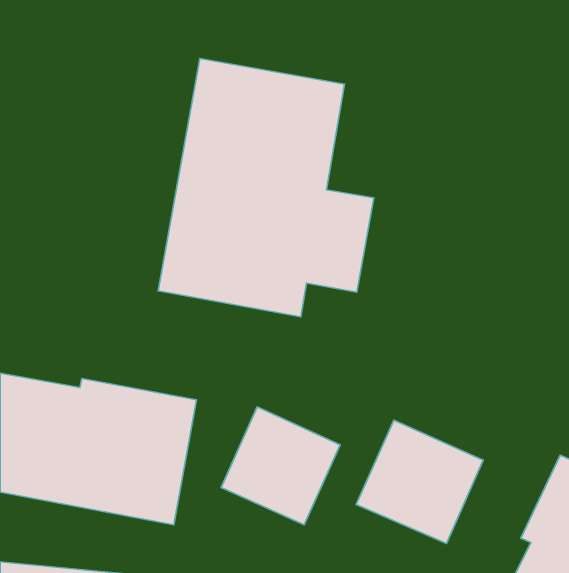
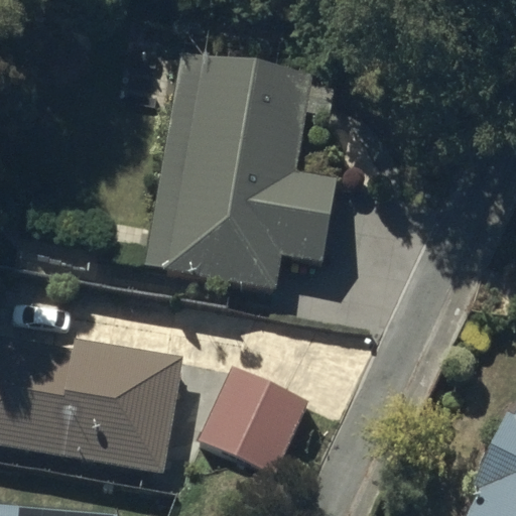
building: [356,420,483,544] -> none

